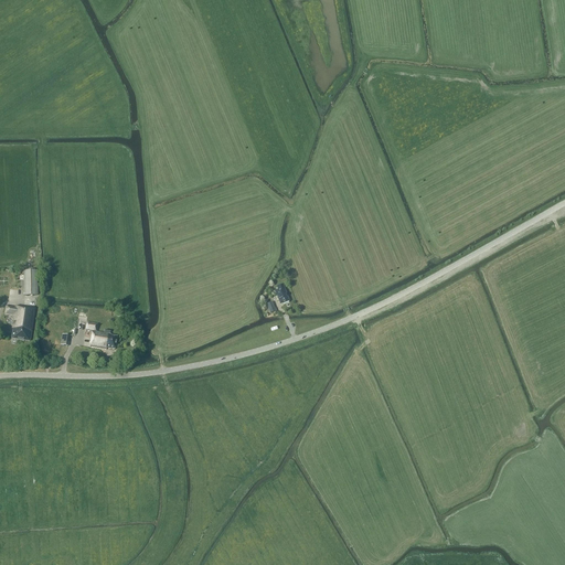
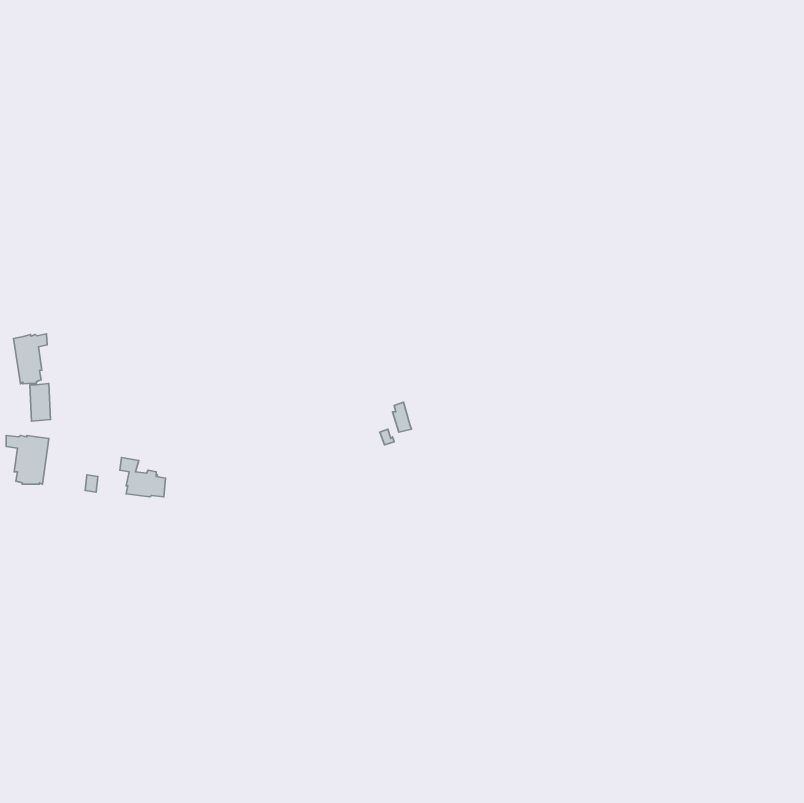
building: none -> [14,334,47,384]

